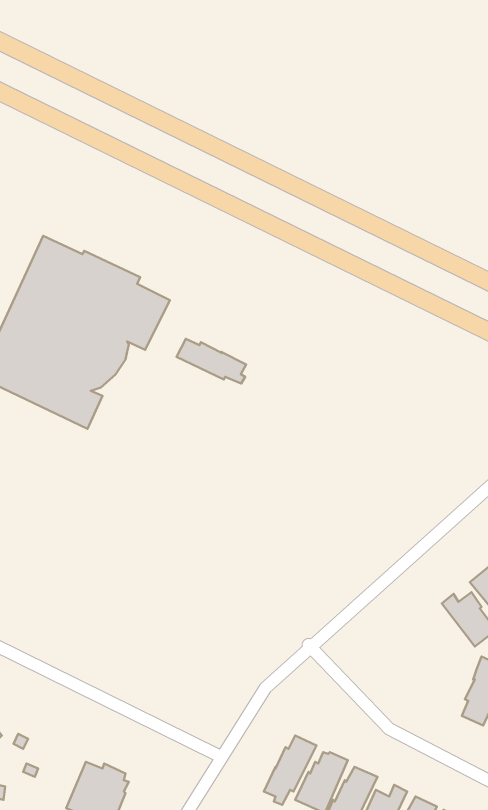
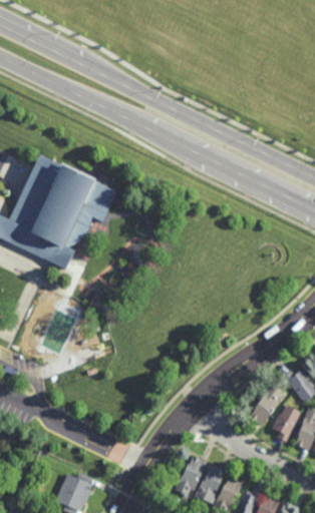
building: [176,339,246,384] -> none
building: none -> [245,386,282,427]
building: none -> [271,405,301,443]

